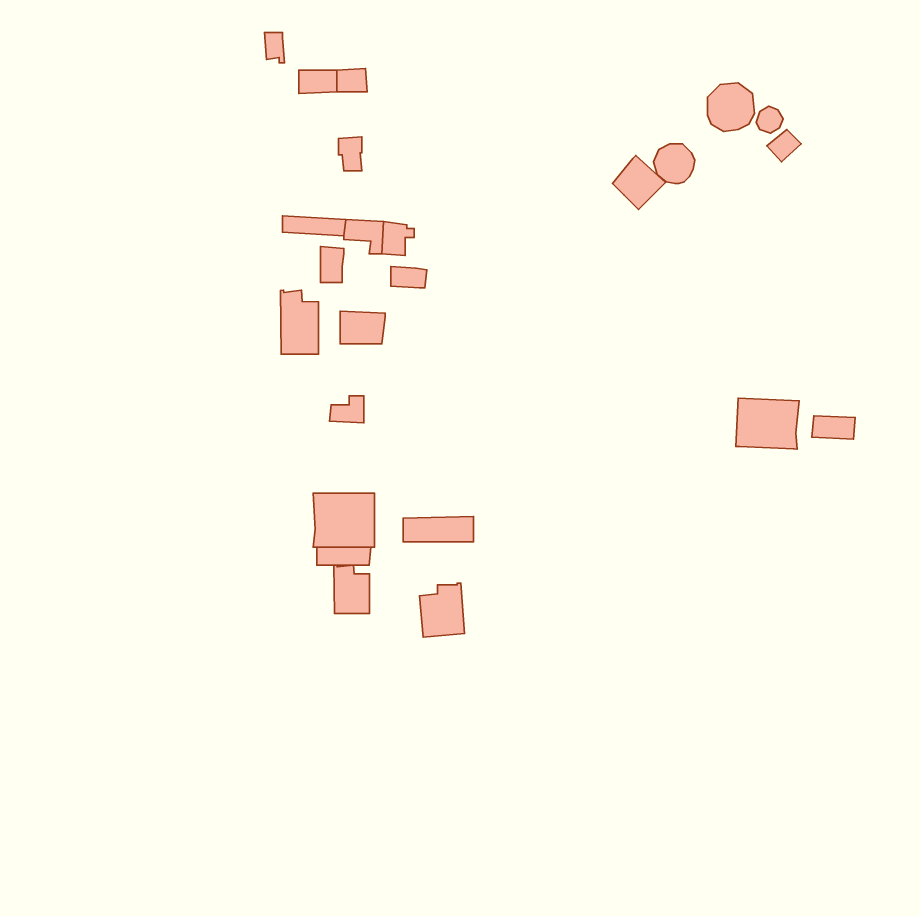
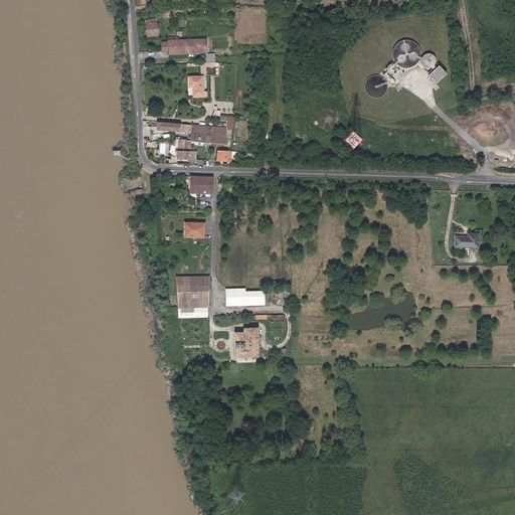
building: [612,156,666,210] -> none
building: [280,290,319,354] -> none
building: [736,398,799,449] -> none
building: [334,565,369,614] -> none

